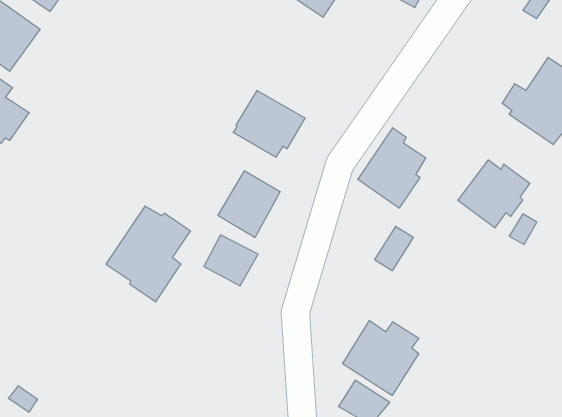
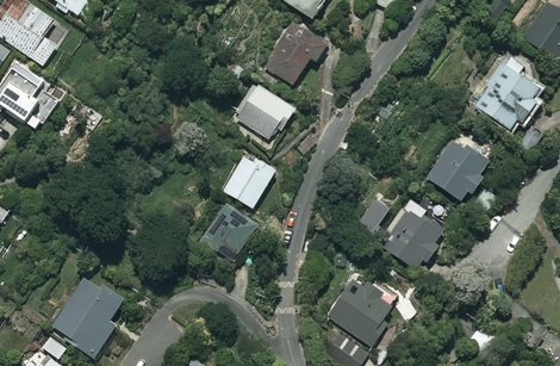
building: none -> [265,21,325,85]
building: [358,128,426,208] -> [382,201,441,271]
building: [106,206,191,302] -> [51,275,124,358]

